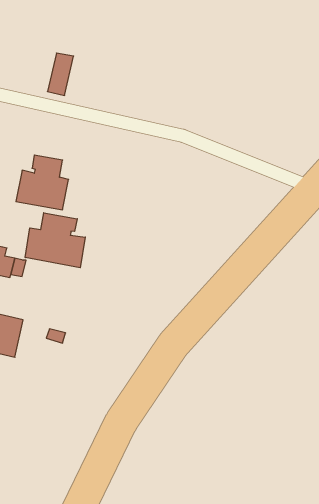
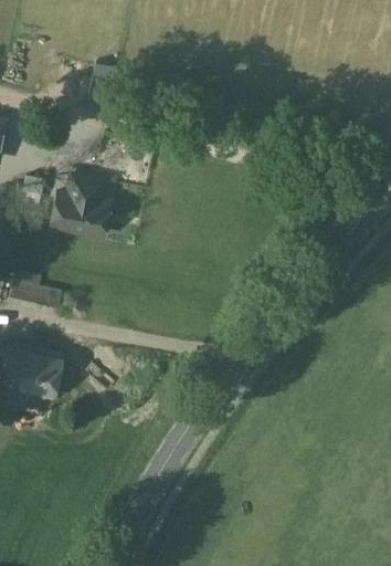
building: [25,213,85,268] -> none

